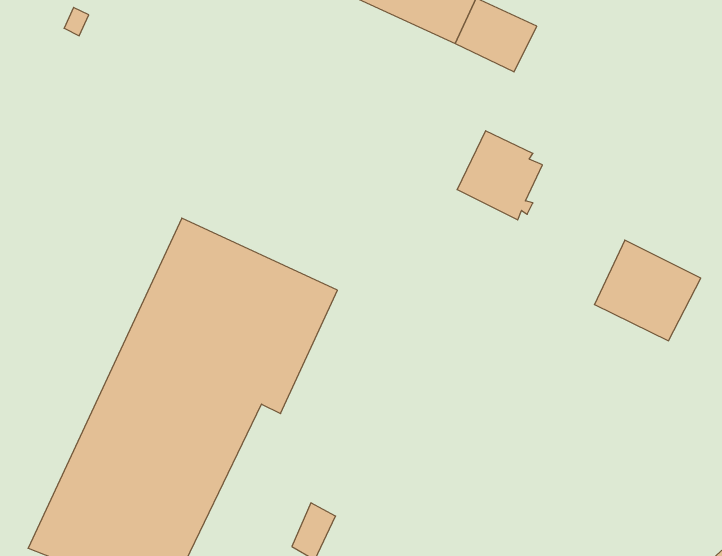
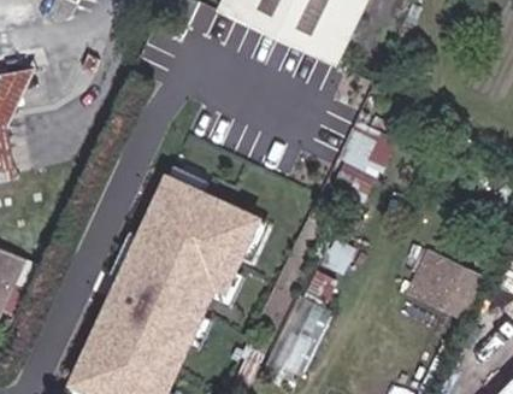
building: [594,240,701,341] -> [414,255,482,319]

